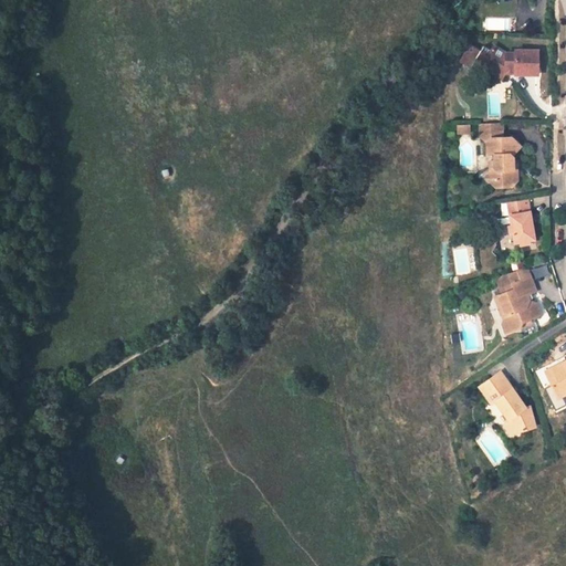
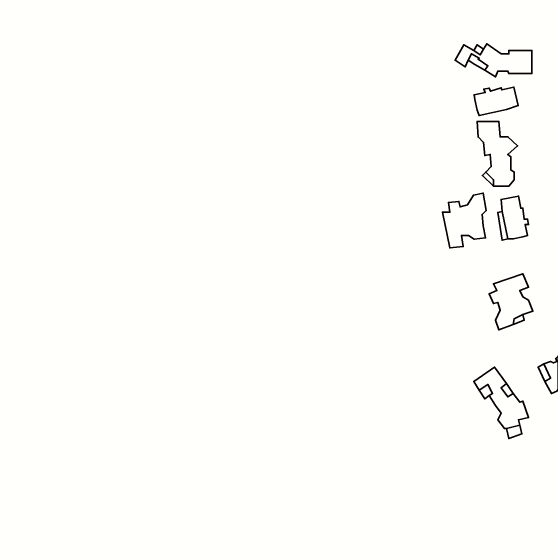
building: none -> [474,87,518,115]
building: none -> [443,193,486,248]

